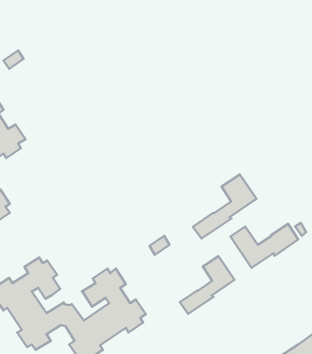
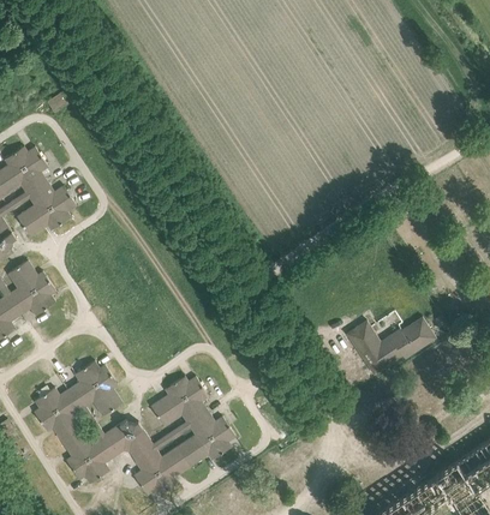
building: [193,174,256,239] -> none
building: [180,256,235,314] -> none

